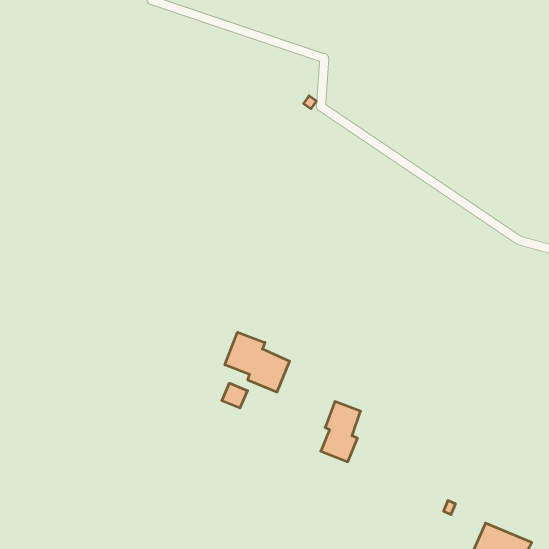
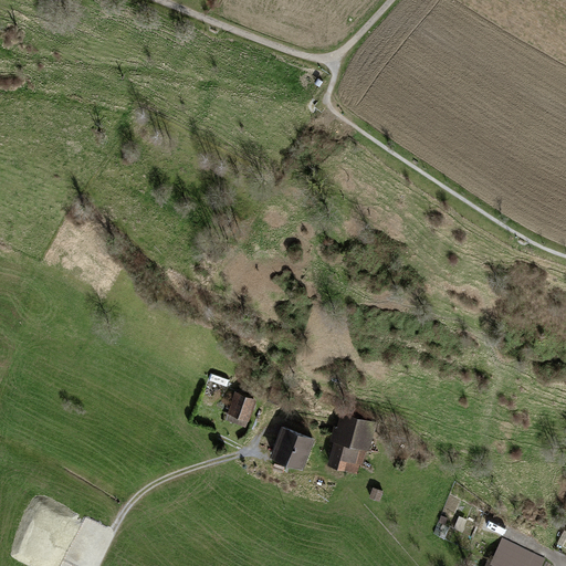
building: [225,332,290,392] -> none
building: none -> [271,426,314,470]

